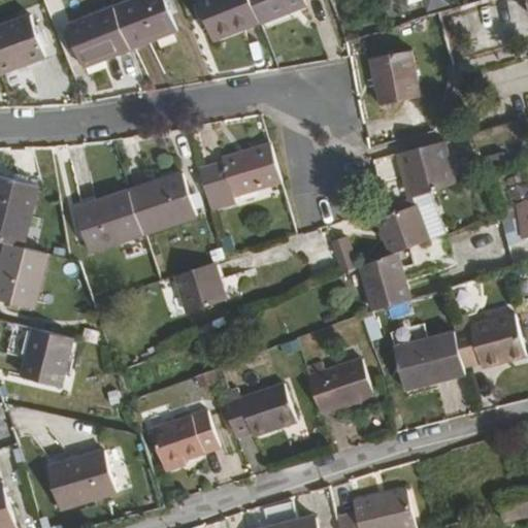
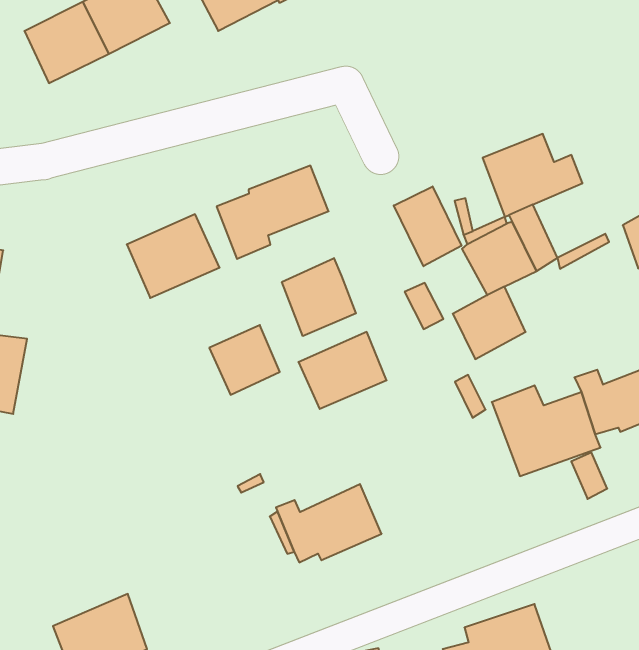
building: [371,47,420,100] -> none
building: none -> [394,186,461,266]
building: [73,191,141,251] -> none
building: none -> [282,258,356,336]
building: [21,327,72,386] -> none
building: [307,361,371,415] -> [298,332,387,409]
building: [148,411,217,464] -> none

